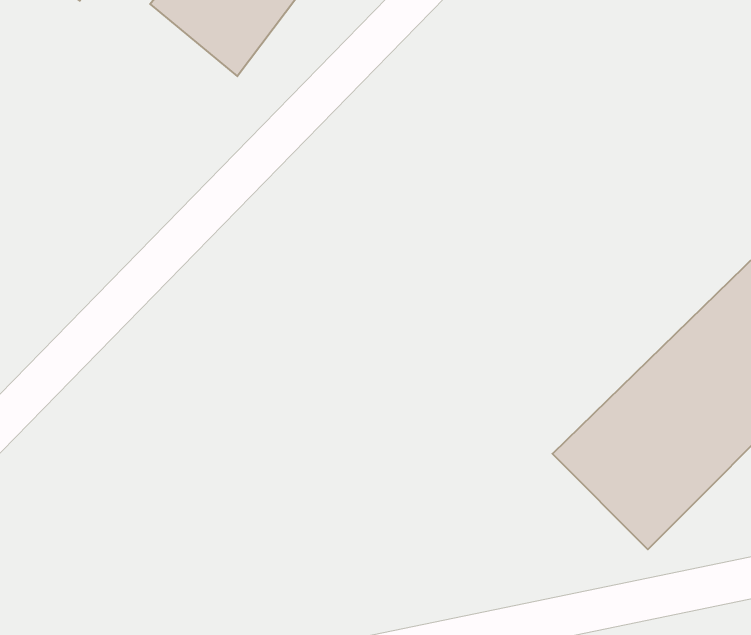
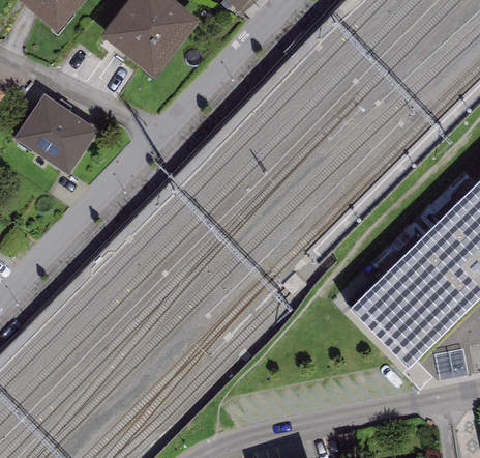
building: none -> [13,92,99,173]

